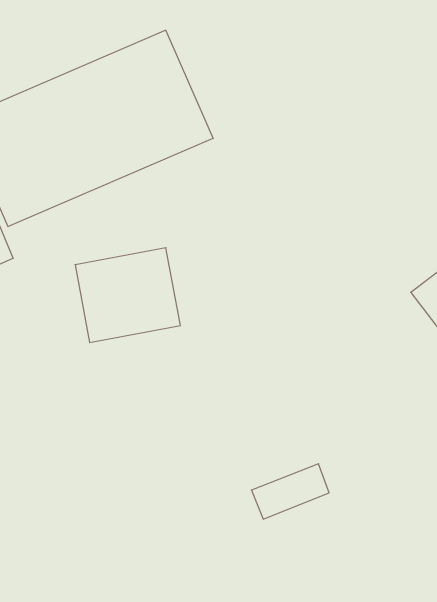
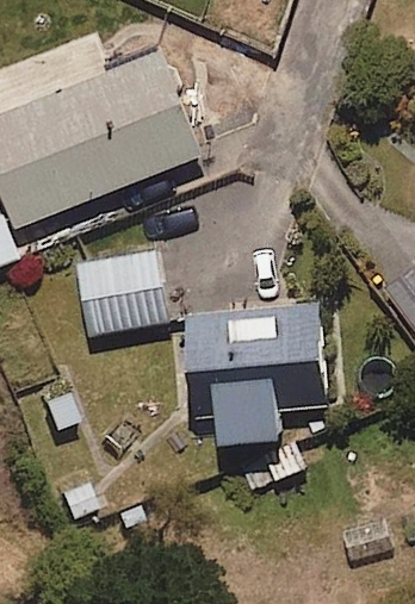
building: none -> [187,304,328,448]

